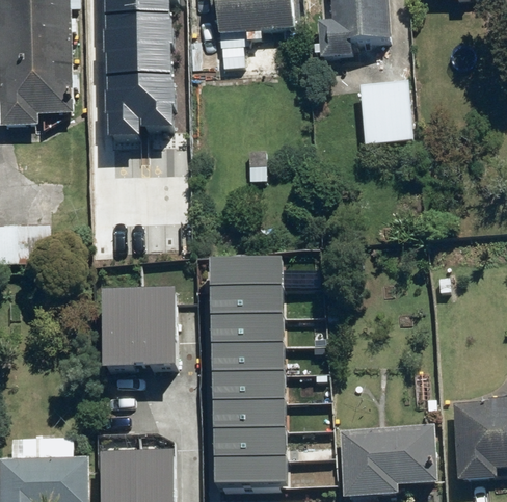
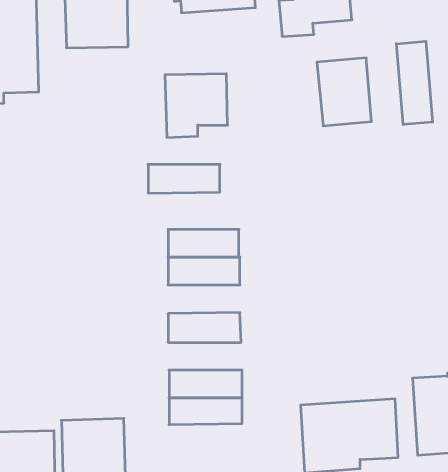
building: none -> [396,41,433,125]
building: [105,69,168,133] -> [165,74,228,137]
building: [102,282,167,366] -> none
building: [208,310,281,339] -> [148,164,220,193]
building: [208,368,282,396] -> none
building: [209,450,284,479] -> none

